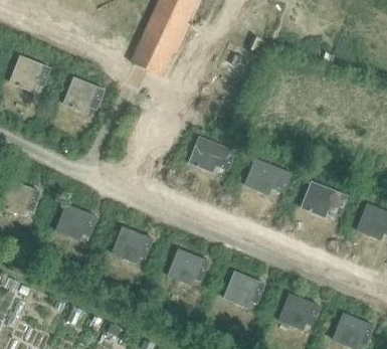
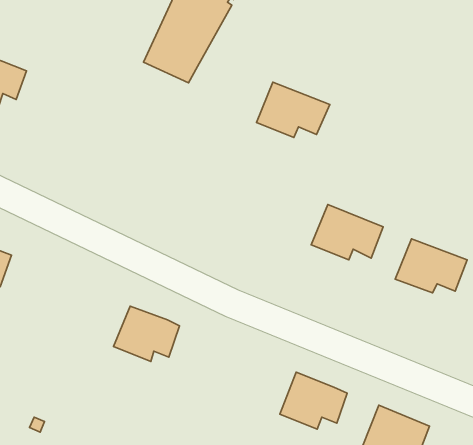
building: [61,75,106,114] -> none
building: [186,135,235,172] -> [256,82,330,137]
building: [53,202,98,240] -> none
building: [166,247,210,285] -> none

